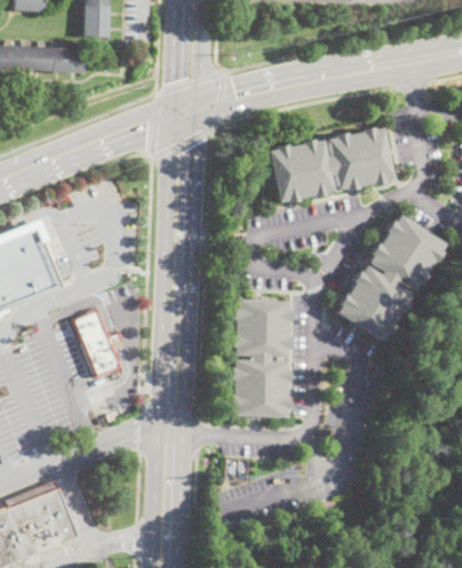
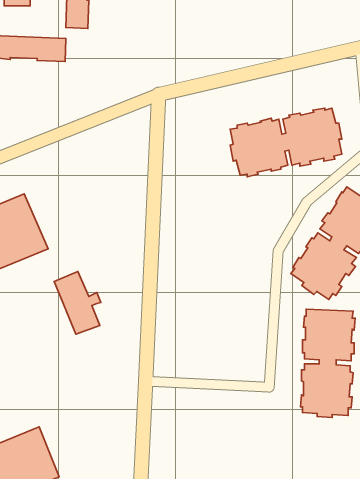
building: [230,298,291,419] -> [300,309,355,418]

